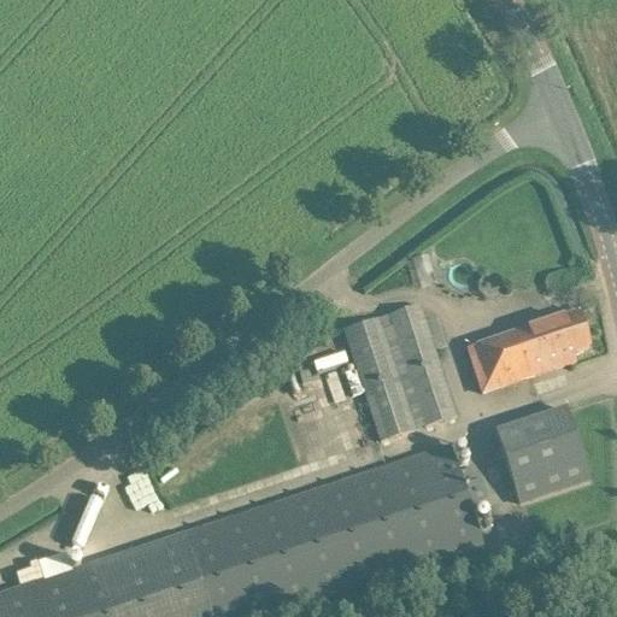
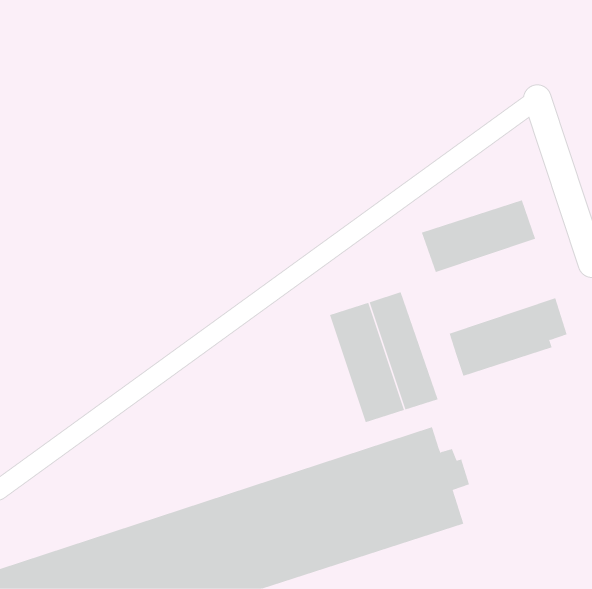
building: none -> [421,200,536,273]
building: [492,410,588,511] -> none

